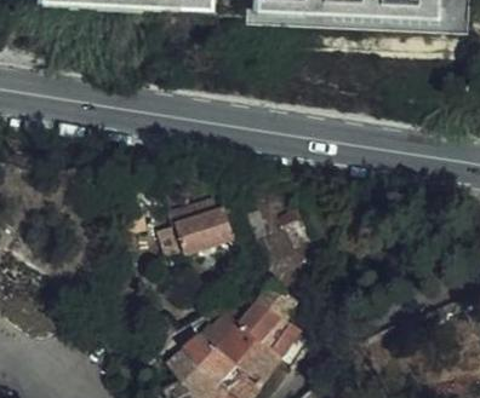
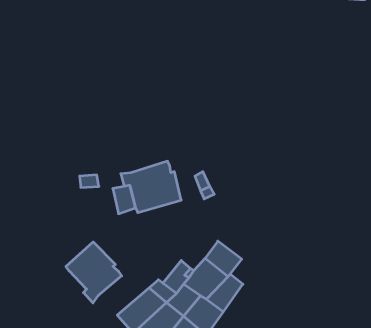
building: none -> [66,242,122,303]

